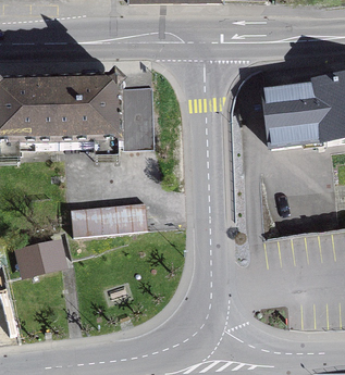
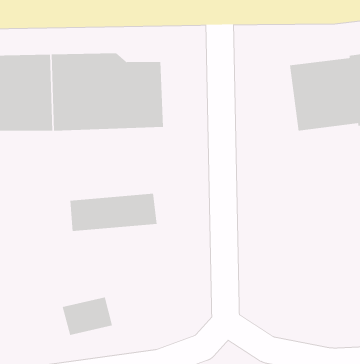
building: [19,240,63,274] -> [62,297,113,335]

